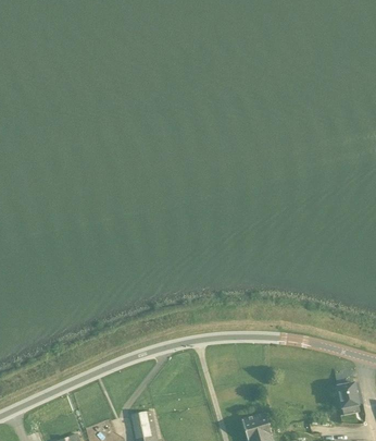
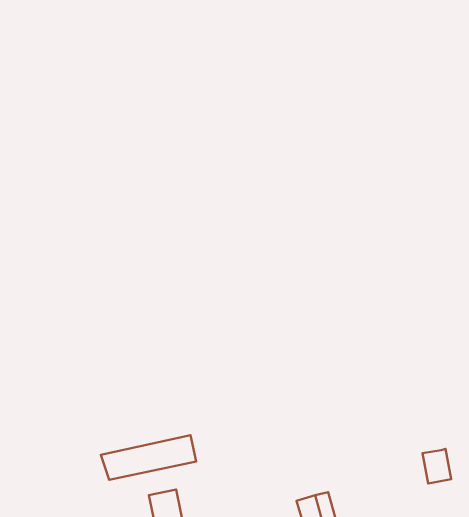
building: none -> [101,435,196,480]

